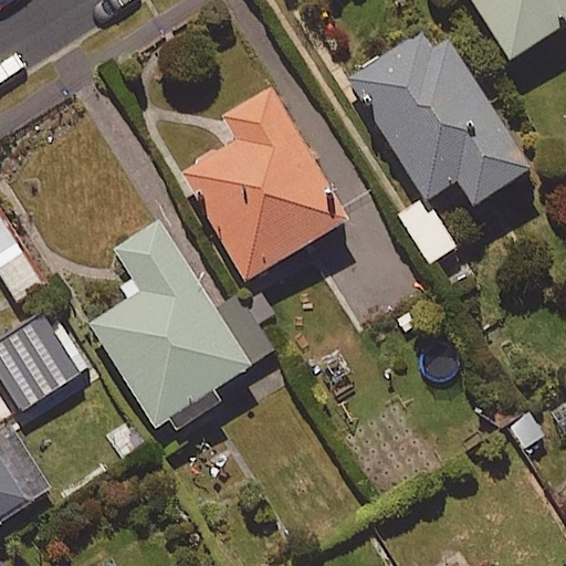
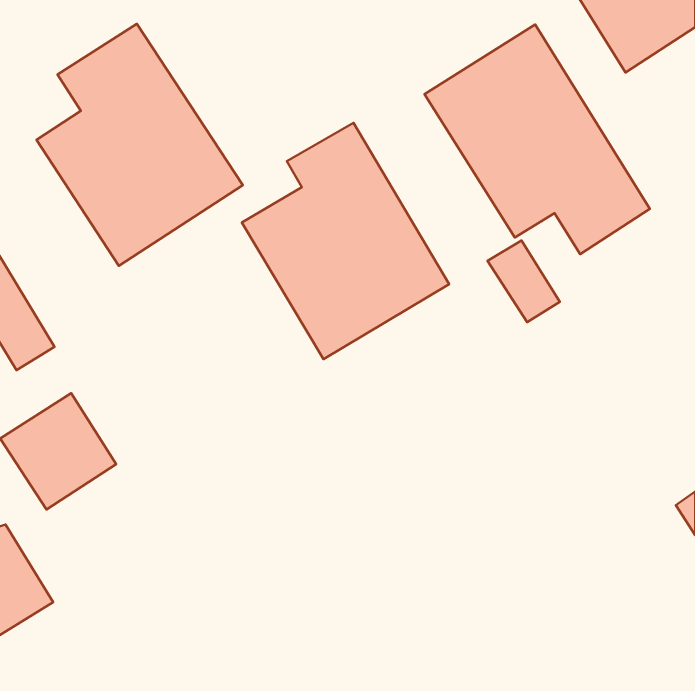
building: none -> [37,24,243,266]
building: [86,220,274,439] -> none

